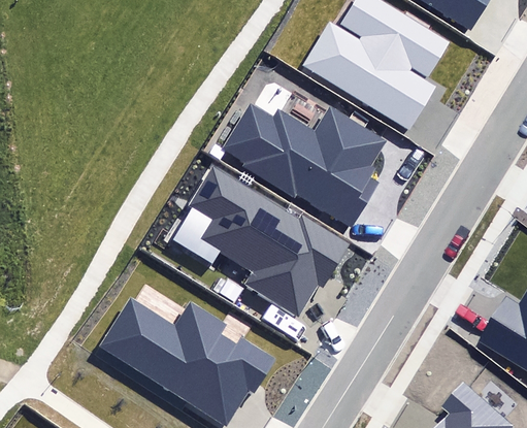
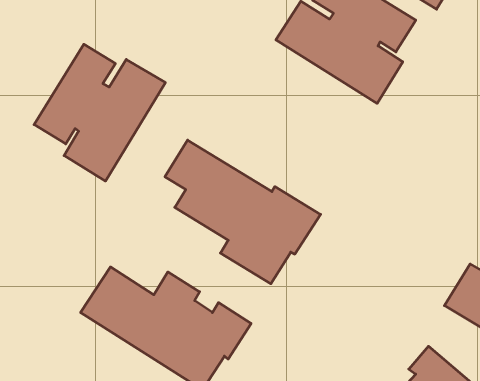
building: none -> [34,44,165,181]
building: [222,103,386,226] -> none

